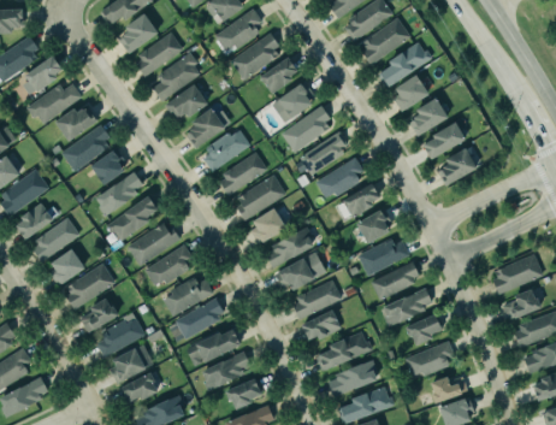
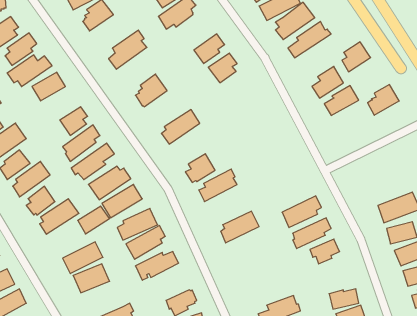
building: [136,31,183,75] -> none
building: [230,35,283,81] -> none
building: [394,75,430,112] -> [342,42,371,72]
building: [164,83,208,119] -> none
building: [280,108,333,153] -> none
building: [61,128,113,171] -> none
building: [203,129,250,171] -> none
building: [300,134,349,176] -> none
building: [438,148,478,187] -> [368,85,399,115]
building: [314,157,363,199] -> none
building: [237,175,286,219] -> none
building: [335,183,380,222] -> none
building: [356,209,394,244] -> none
building: [357,237,409,276] -> none
building: [276,258,315,289] -> none
building: [78,300,118,335] -> [78,206,109,234]
building: [301,309,342,341] -> none
building: [319,331,373,371] -> none
building: [404,342,455,379] -> none
building: [200,352,253,390] -> none
building: [327,359,377,396] -> none
building: [120,372,158,403] -> none

